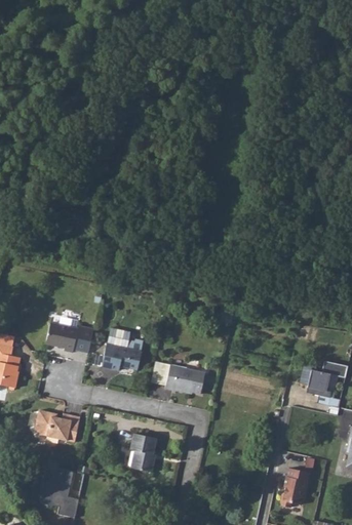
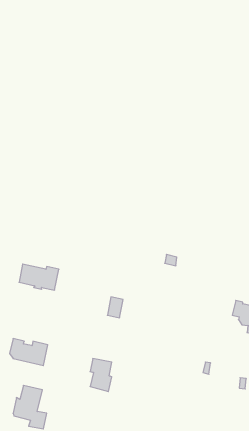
building: [101,327,143,370] -> none
building: [164,364,204,394] -> none
building: [279,468,308,508] -> none

